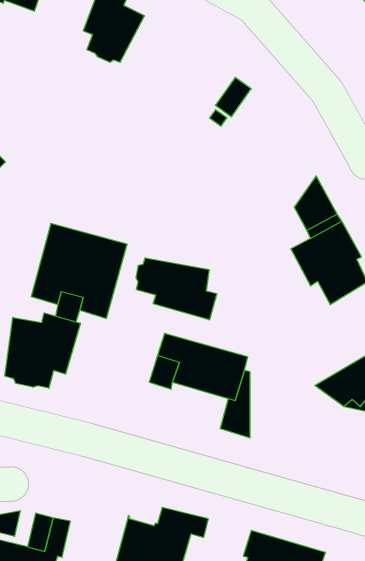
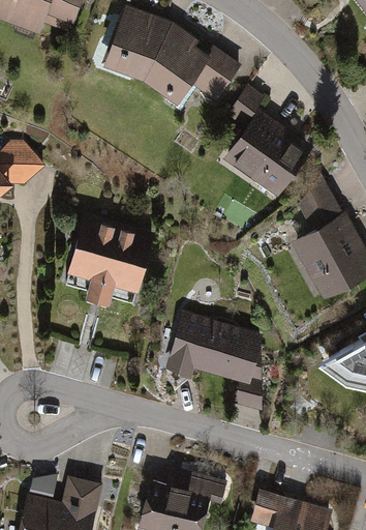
building: none -> [145,33,238,110]
building: none -> [228,114,304,185]
building: [136,258,217,320] -> none
building: [5,313,80,388] -> none

